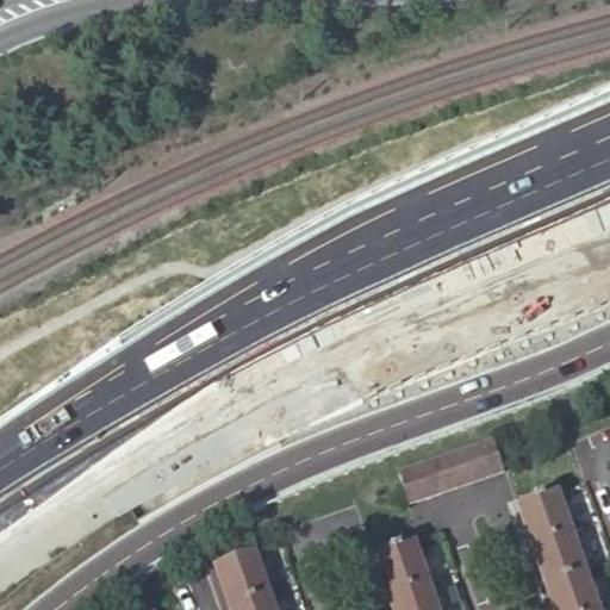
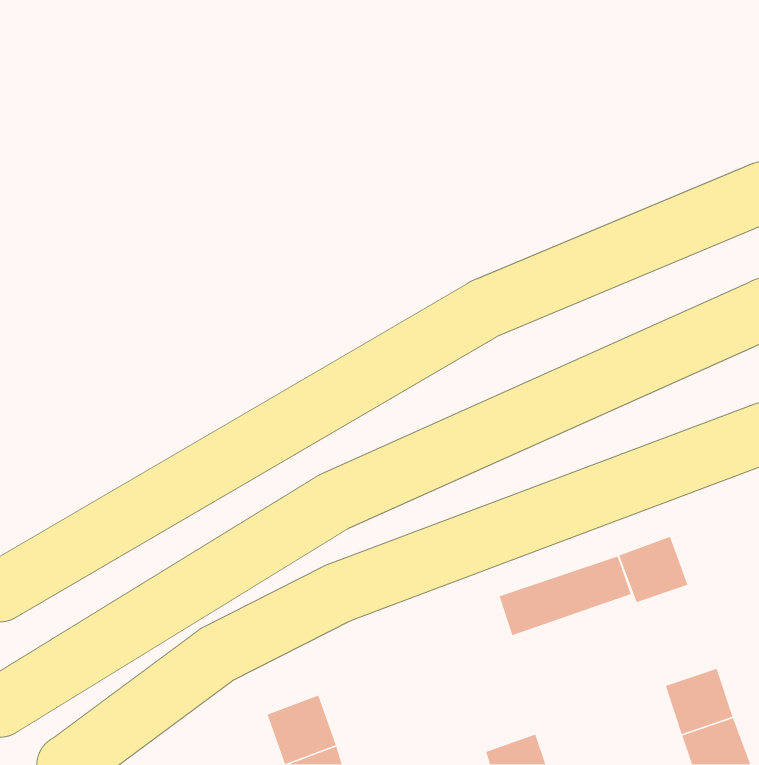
building: [519,492,575,546] -> [618,536,689,603]
building: [376,544,431,598] -> none

